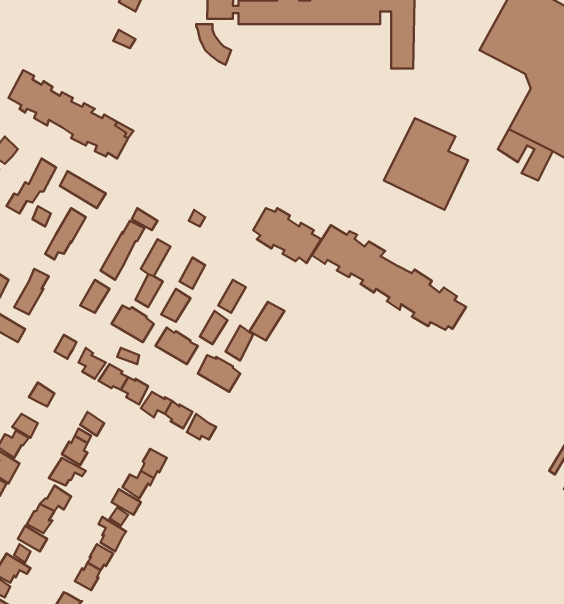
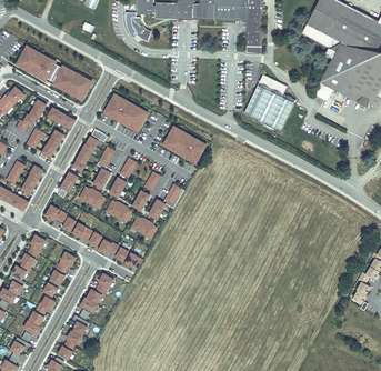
building: none -> [107,97,148,130]
building: [312,225,466,330] -> none

